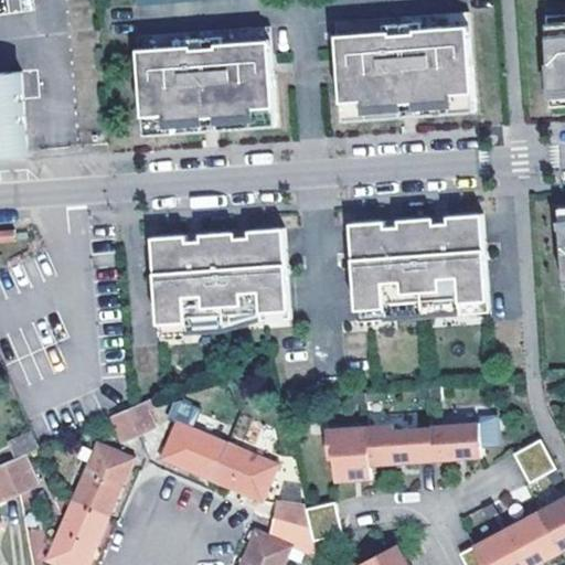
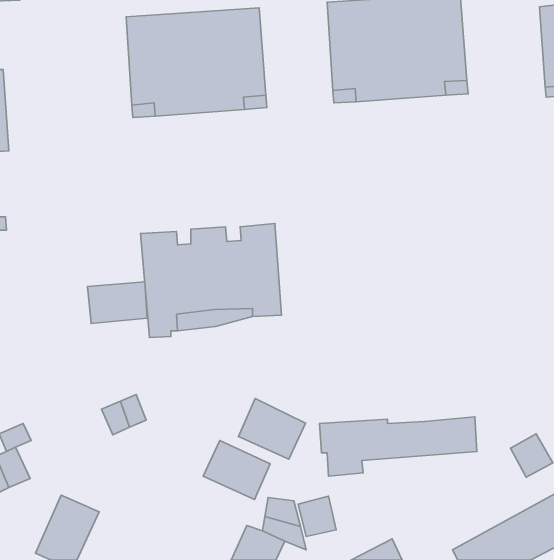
building: [347,217,487,330] -> none
building: none -> [88,282,147,323]
building: [160,422,226,481] -> [239,399,306,459]
building: [70,439,134,516] -> none

